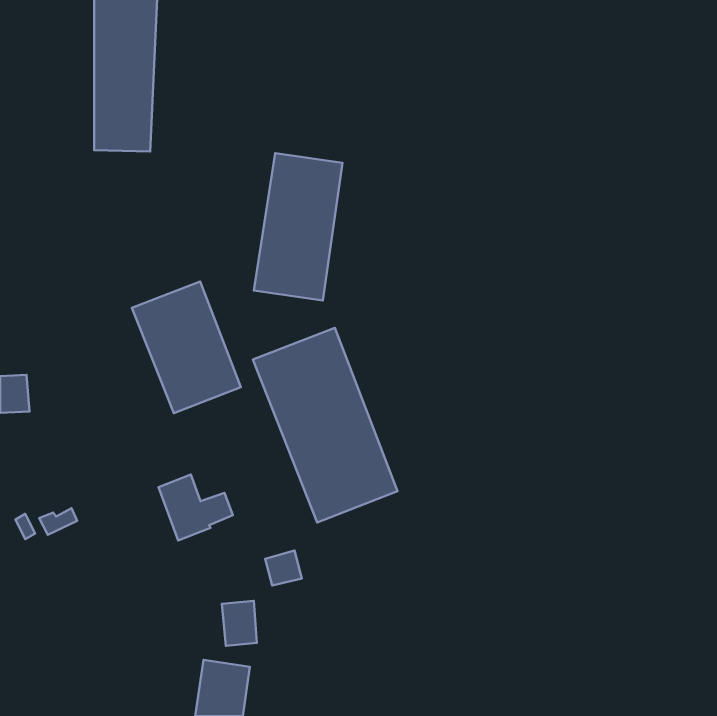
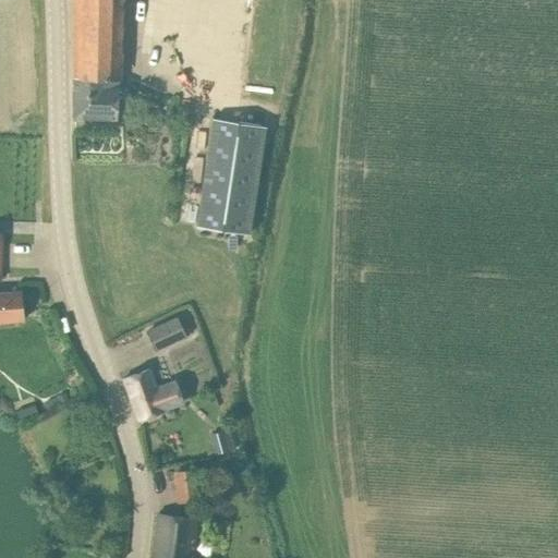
building: [132,281,241,413] -> none
building: [253,328,398,522] -> none
building: none -> [150,319,185,350]

